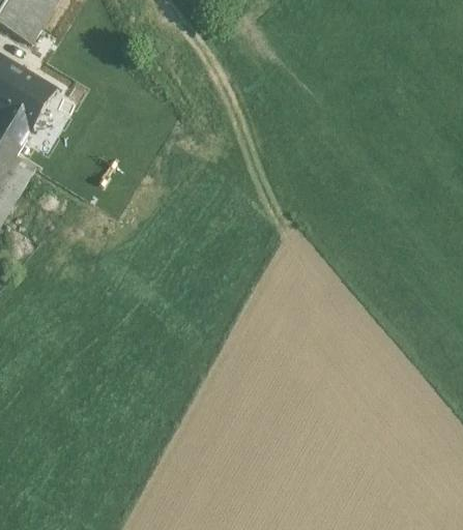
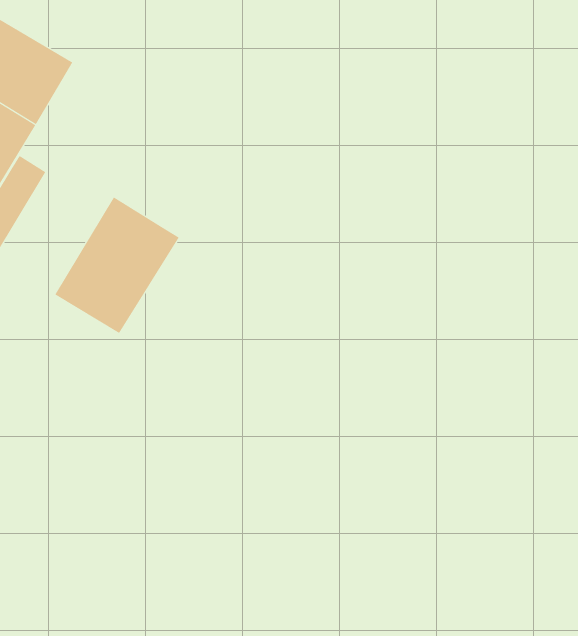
building: none -> [54,197,179,334]

